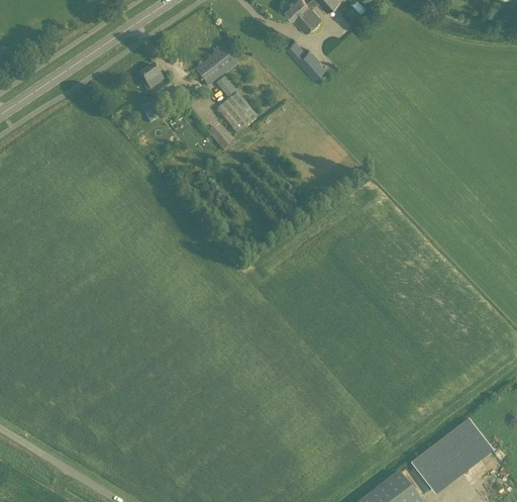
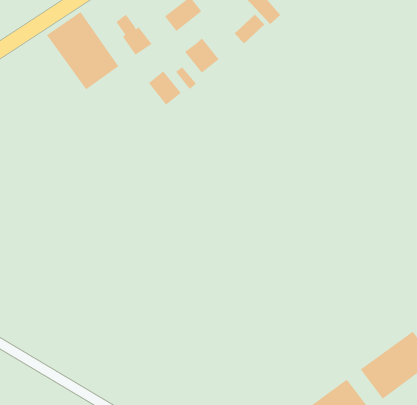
building: none -> [46,11,119,90]
building: none -> [234,14,265,44]
building: none -> [148,70,181,106]

